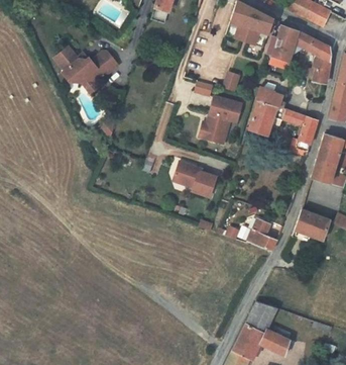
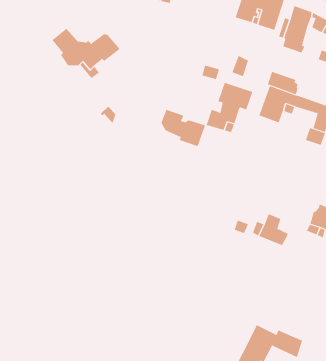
building: [174,161,216,196] -> [160,109,206,147]
building: [246,301,276,333] -> none

